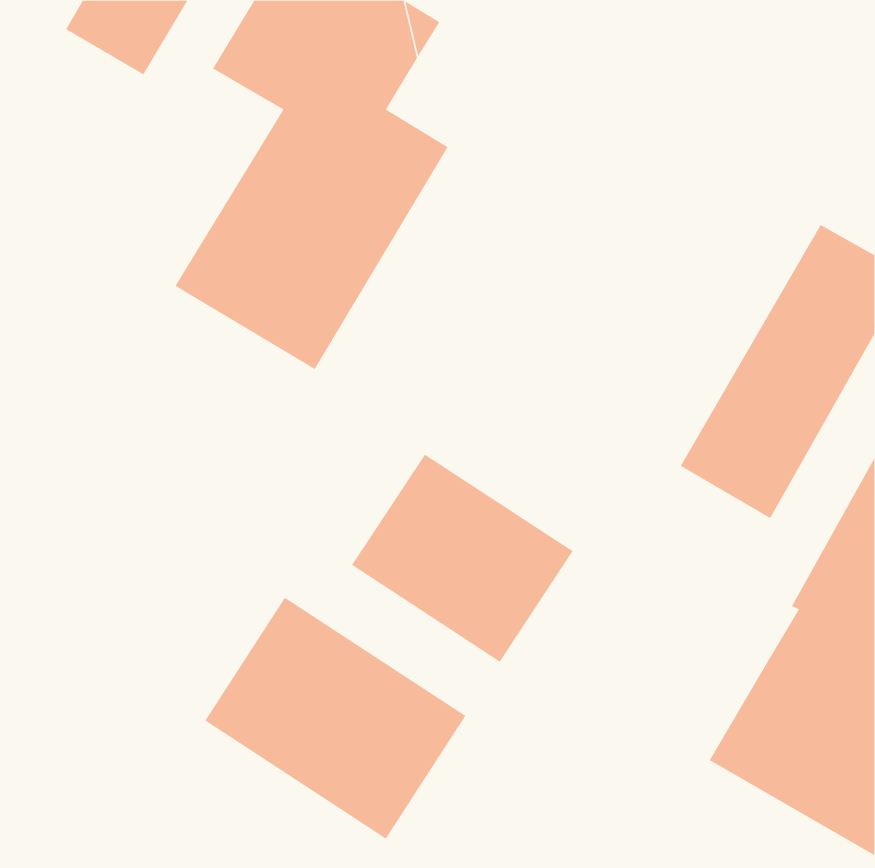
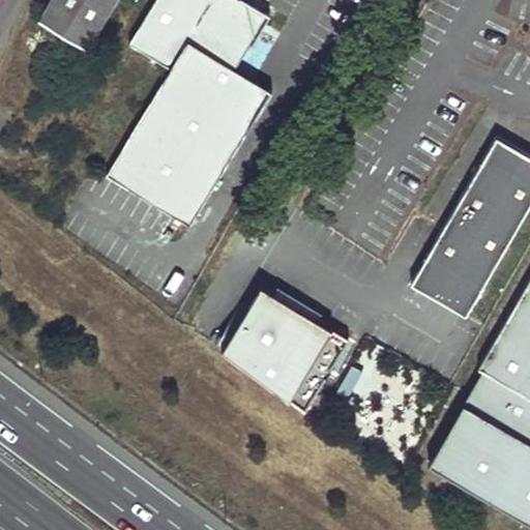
building: [205,597,466,840] -> none

